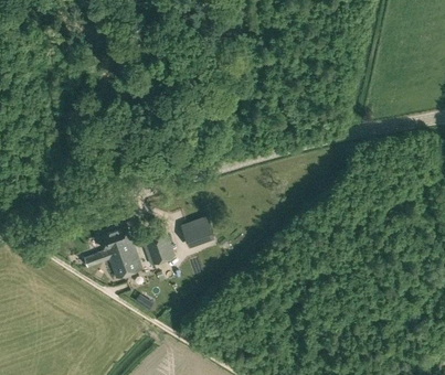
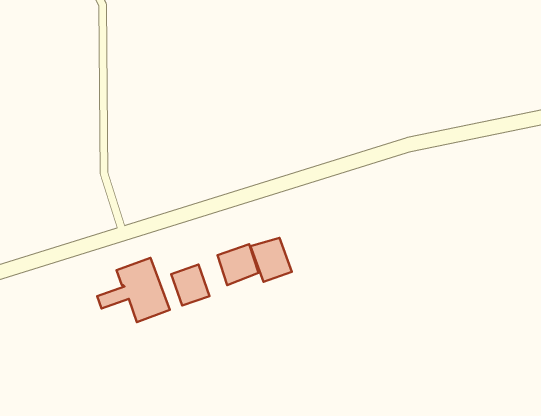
building: none -> [250,238,292,282]

